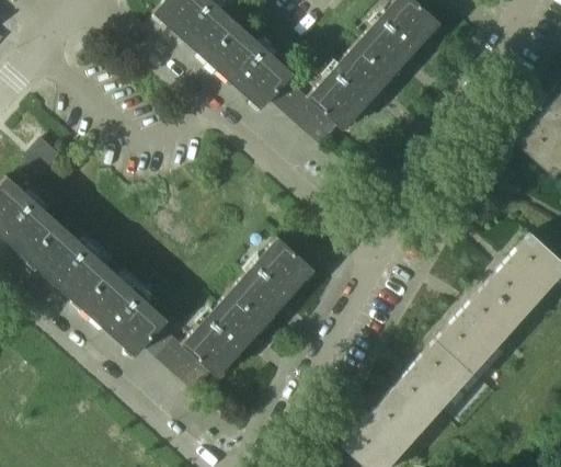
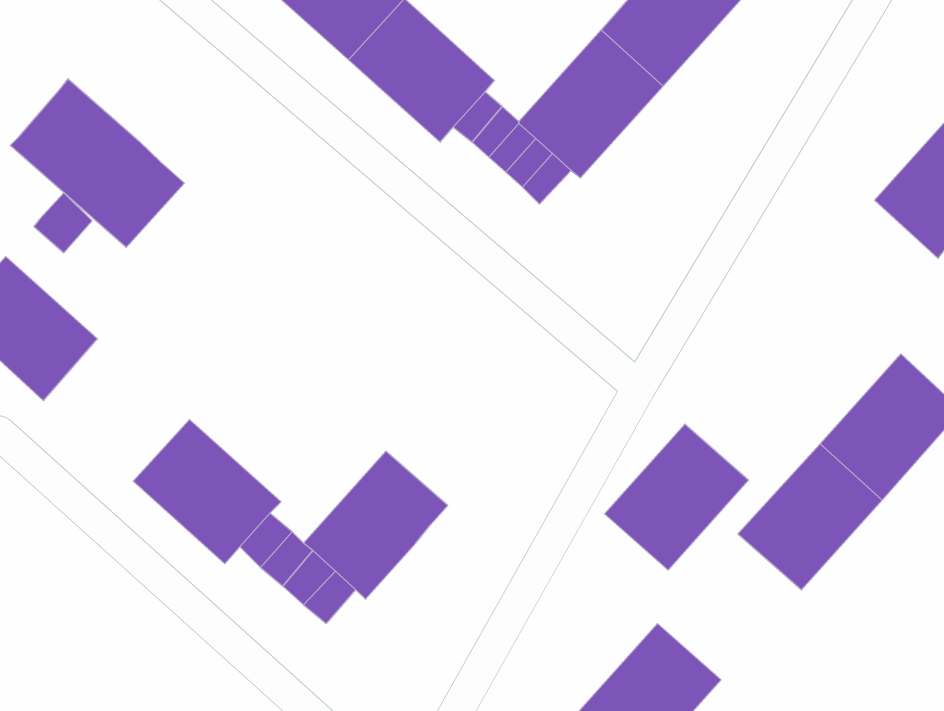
building: none -> [10,79,184,248]
building: [30,225,115,308] -> none
building: [230,237,314,322] -> none
building: [389,339,473,424] -> [604,424,749,570]

